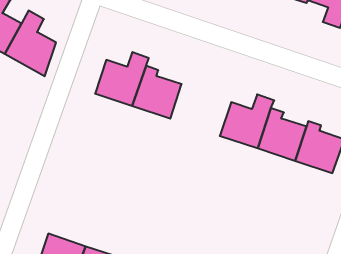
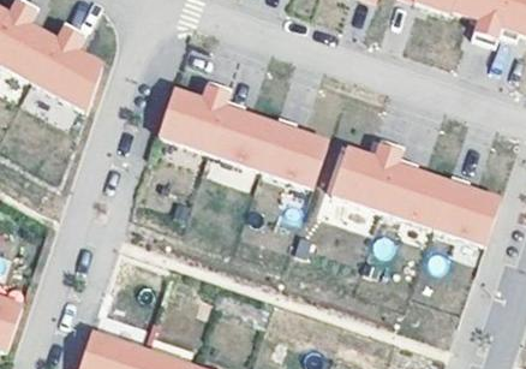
building: none -> [261,115,328,189]

